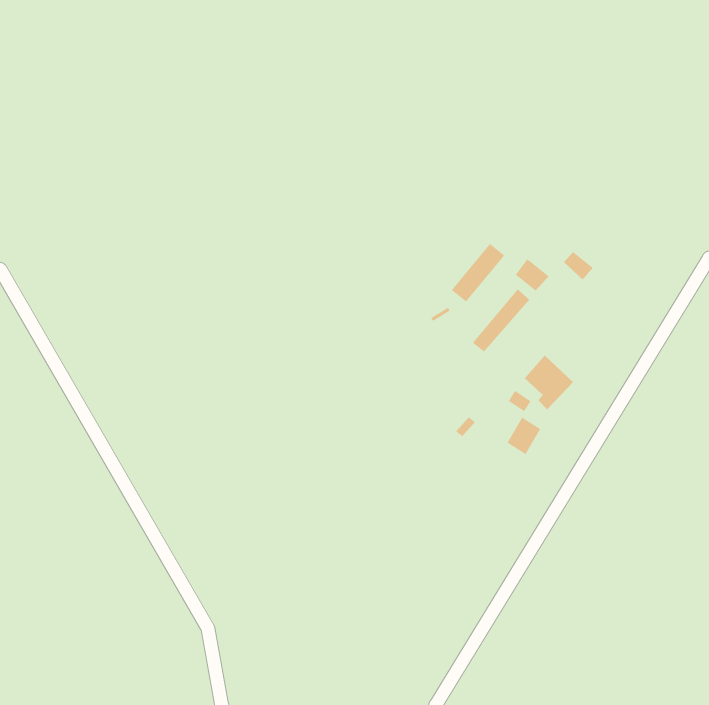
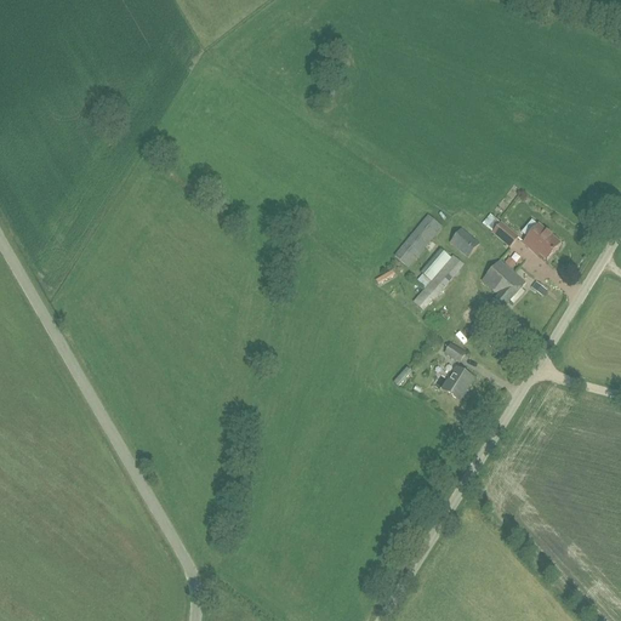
building: none -> [522,217,559,256]
building: [524,355,574,410] -> [482,257,525,306]

